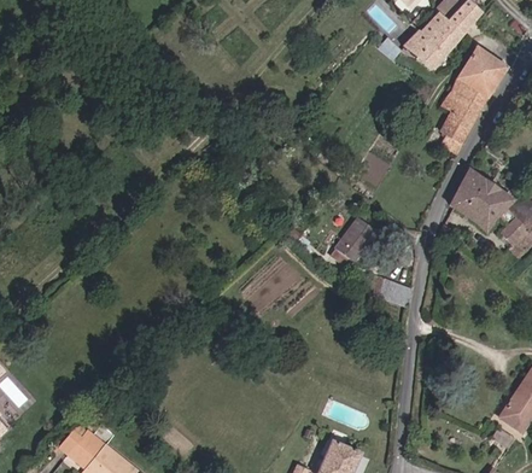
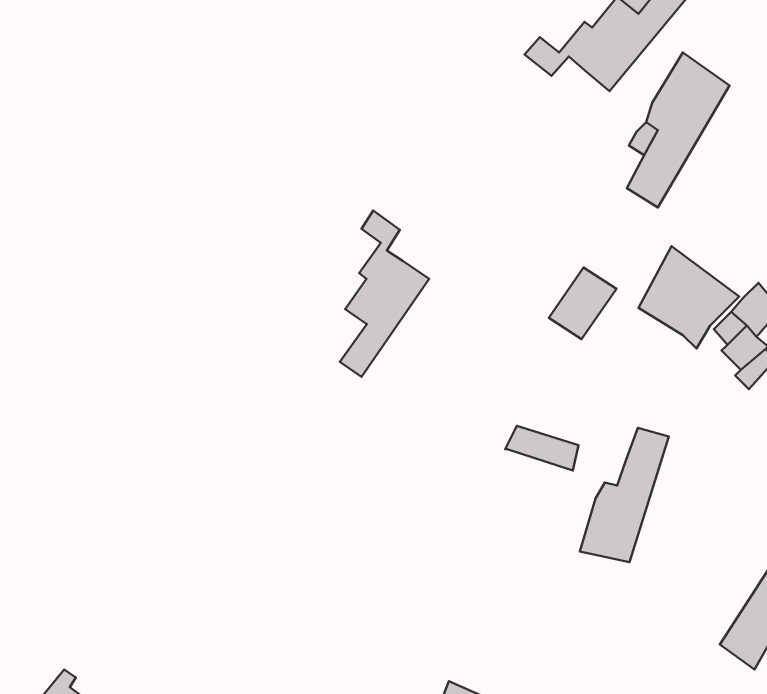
building: none -> [340,211,429,377]
building: [334,217,376,262] -> [549,268,616,339]
building: none -> [580,428,669,562]

